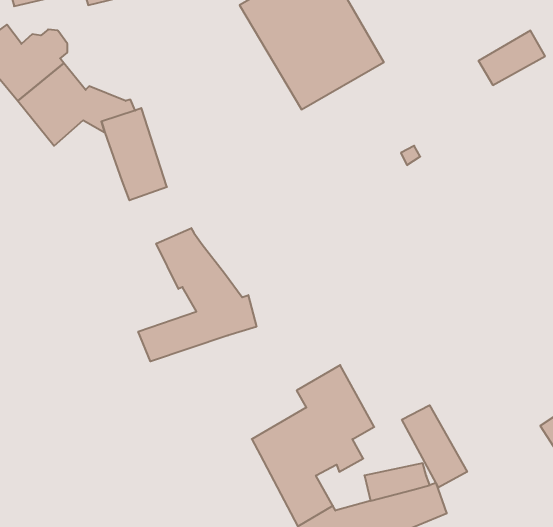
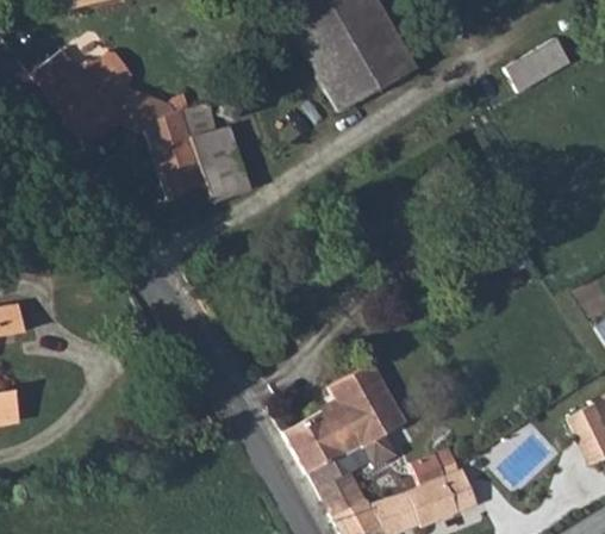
building: none -> [181,104,249,201]
building: [138,228,256,361] -> none
building: [402,405,467,488] -> none

